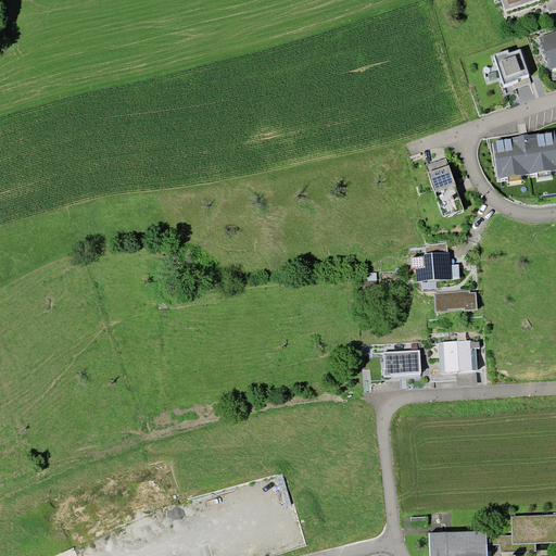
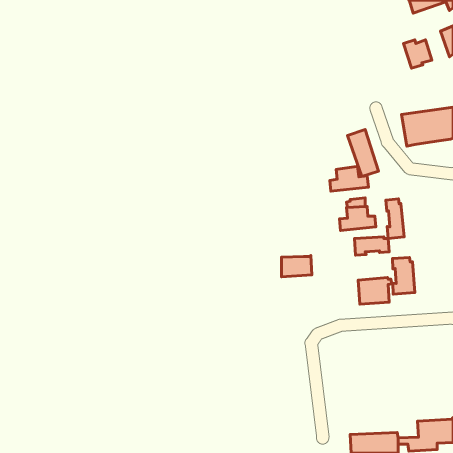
building: none -> [330,166,369,191]
building: none -> [386,199,404,238]
building: none -> [393,257,415,294]
building: [384,350,421,376] -> [282,255,312,277]

